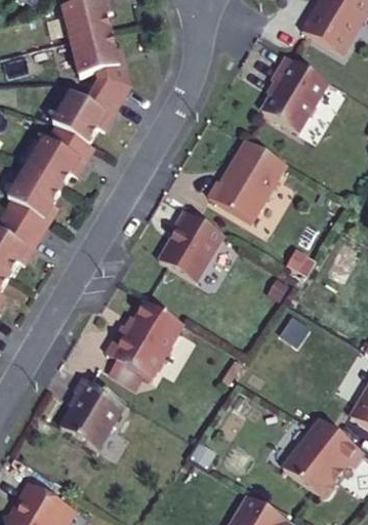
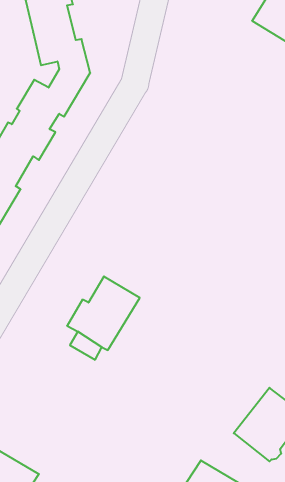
building: [261,55,328,132] -> none
building: [208,139,286,223] -> none
building: [158,210,223,281] -> none
building: [60,377,125,448] -> none

